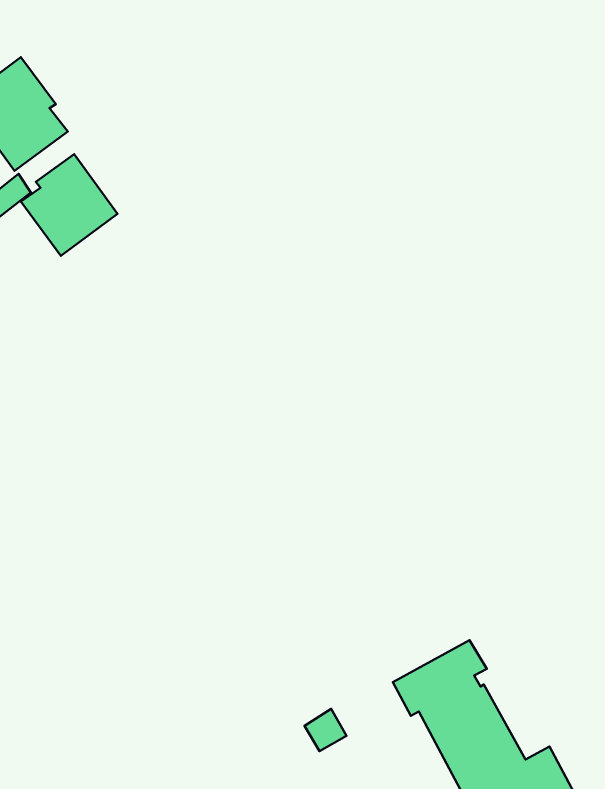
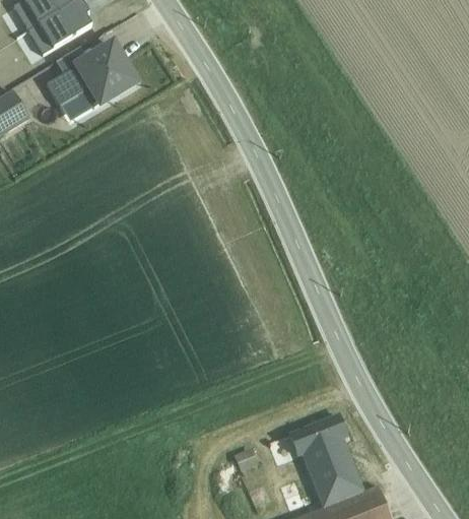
building: [21,154,118,256] -> none

